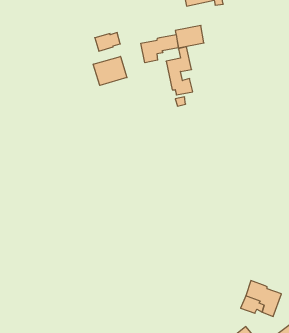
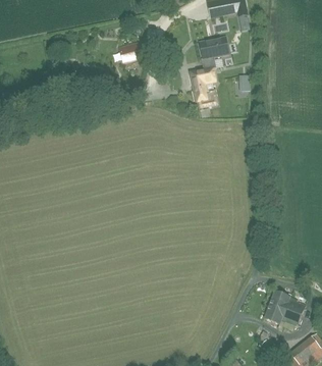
building: [141,34,178,63] -> none
building: [93,56,127,85] -> none

